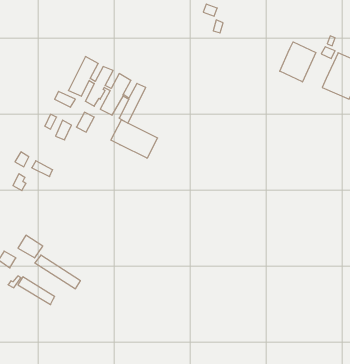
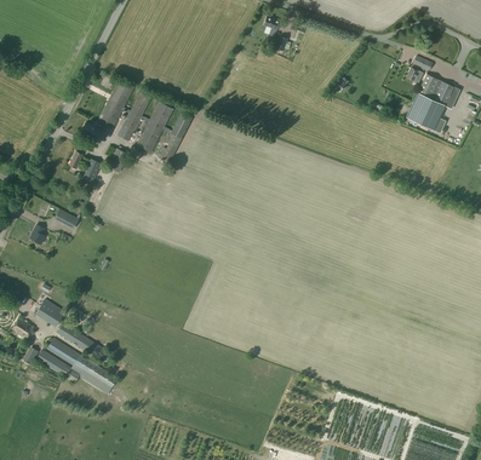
building: [280,42,316,82] -> none
building: [111,120,158,158] -> none
building: none -> [46,338,116,393]

